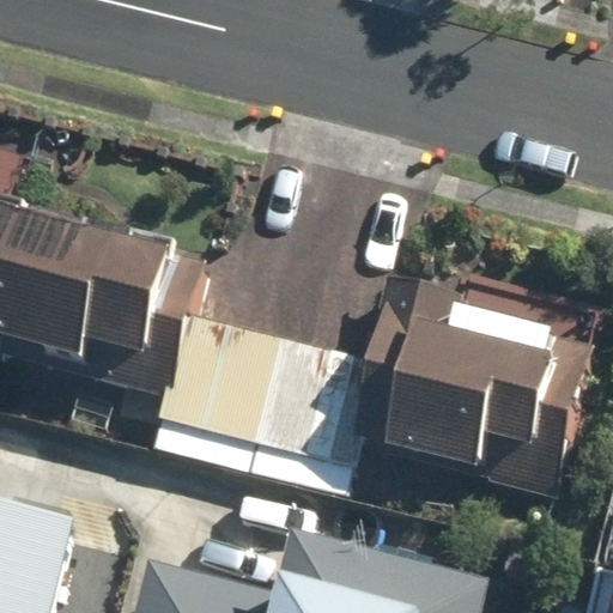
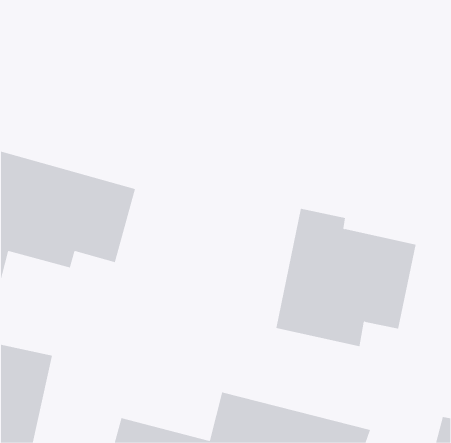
building: [162,317,382,498] -> none

